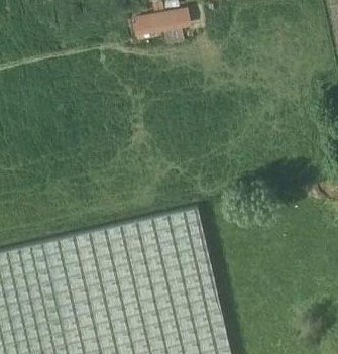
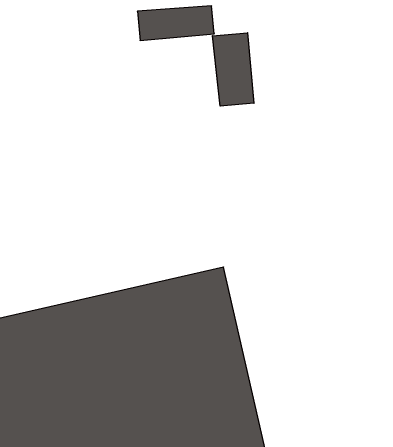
building: none -> [212,33,254,106]

